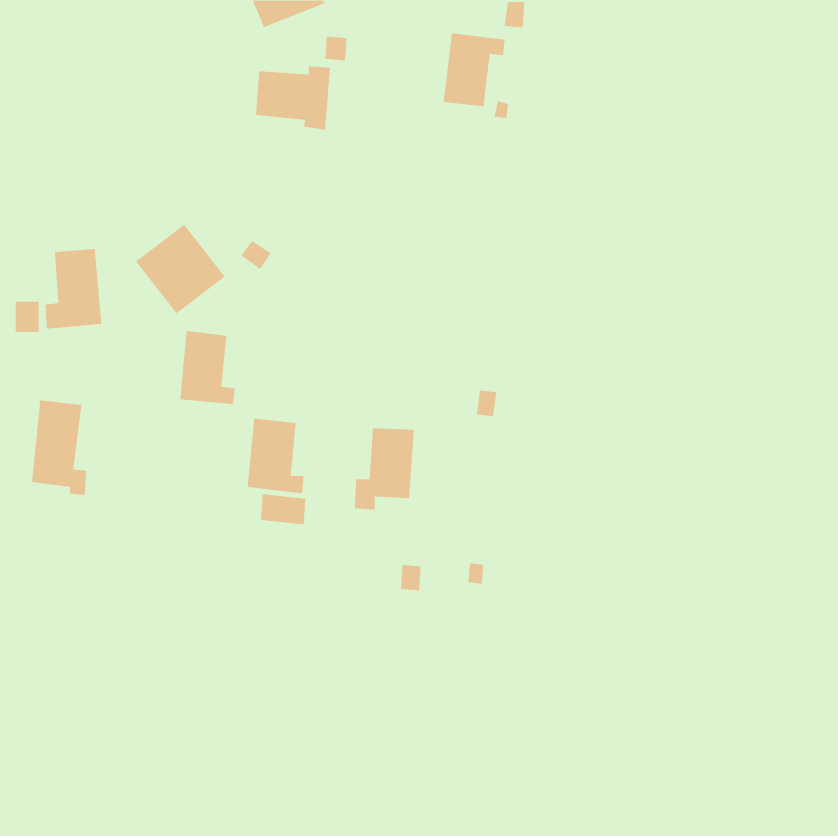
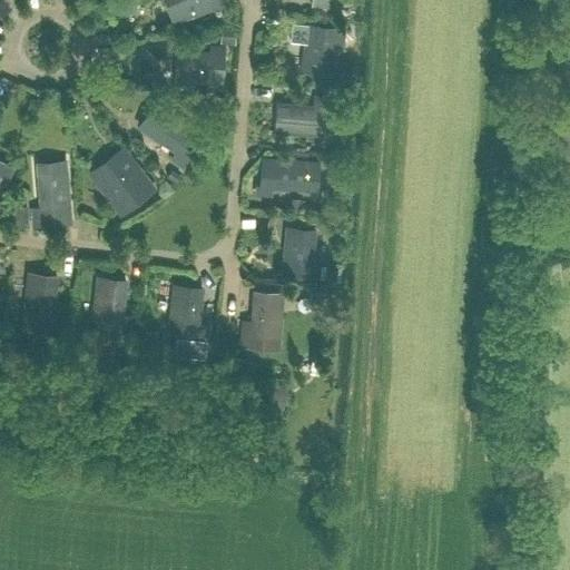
building: none -> [276,99,325,137]
building: none -> [139,105,202,169]
building: none -> [256,159,318,197]
building: [179,330,235,405] -> [94,278,131,328]
building: none -> [283,229,321,279]

